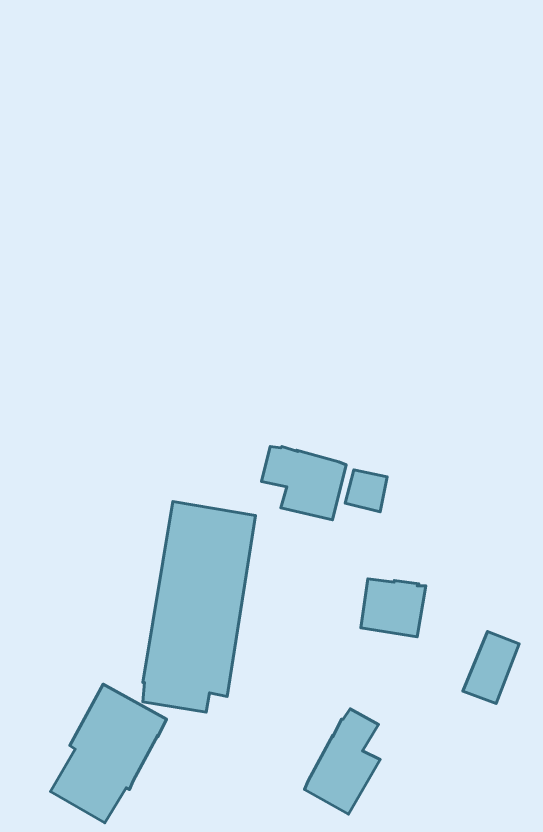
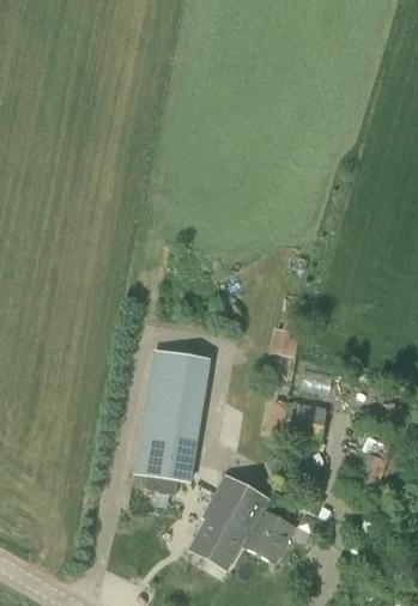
building: [261,446,346,520] -> none
building: [50,684,167,823] -> [189,474,268,569]

